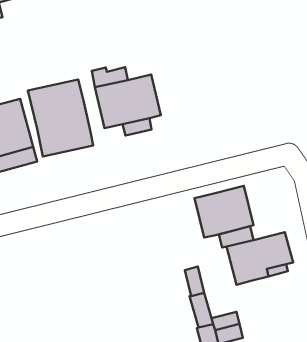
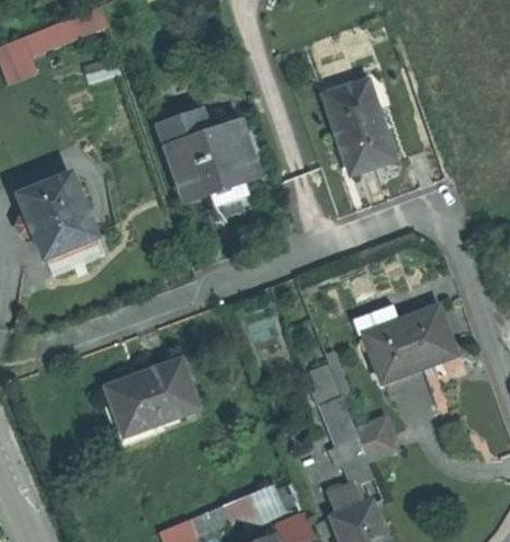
building: none -> [321,80,393,175]
building: [28,79,93,157] -> none
building: [194,186,253,238] -> none
building: none -> [110,359,197,434]

